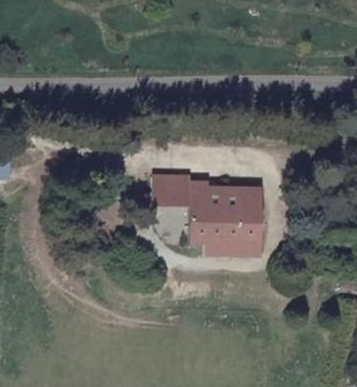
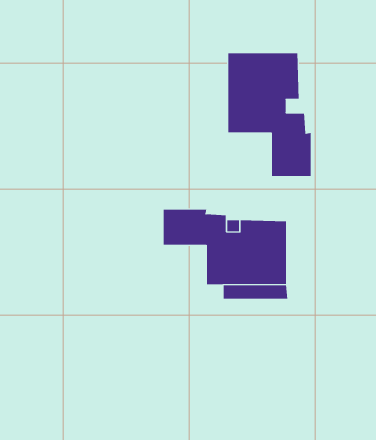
building: none -> [228,52,311,177]

